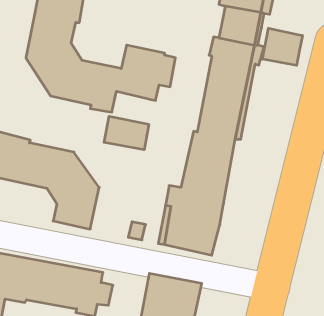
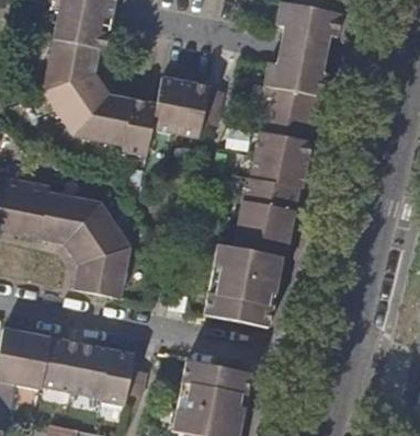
building: [262,28,302,65] -> none
building: [104,116,149,150] -> none

